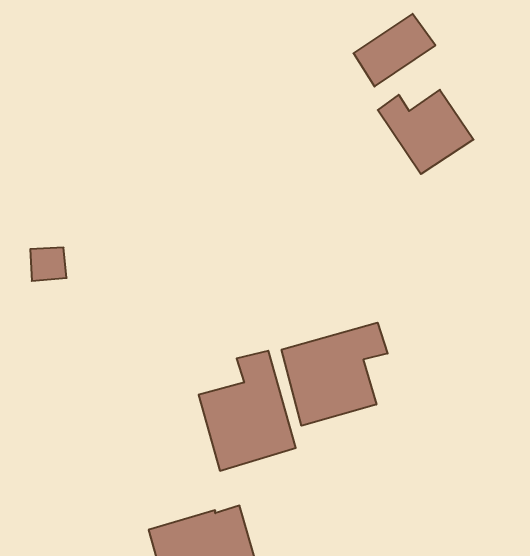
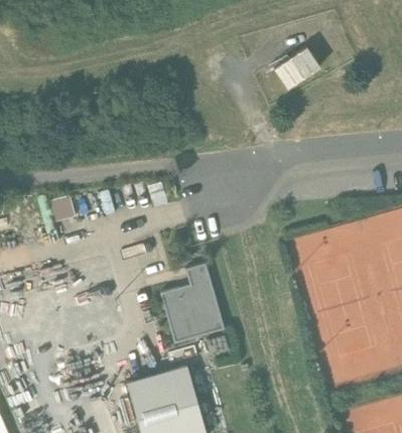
building: [378,90,474,174] -> none
building: [282,323,388,426] -> none

